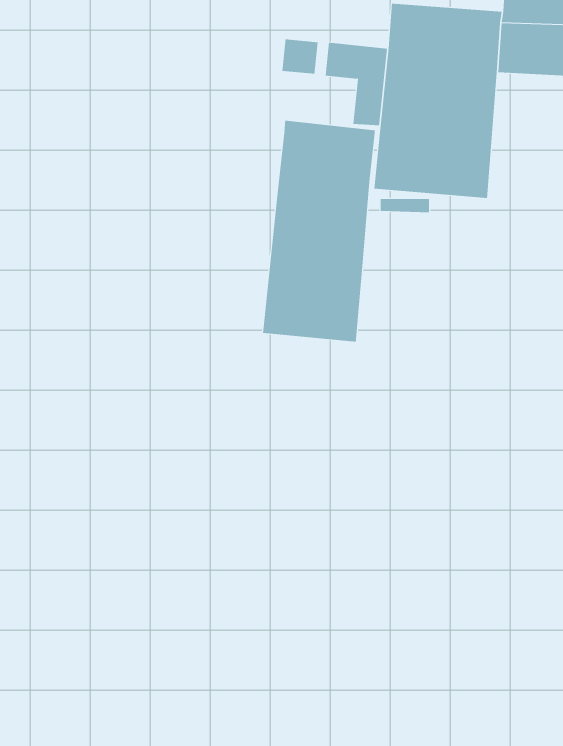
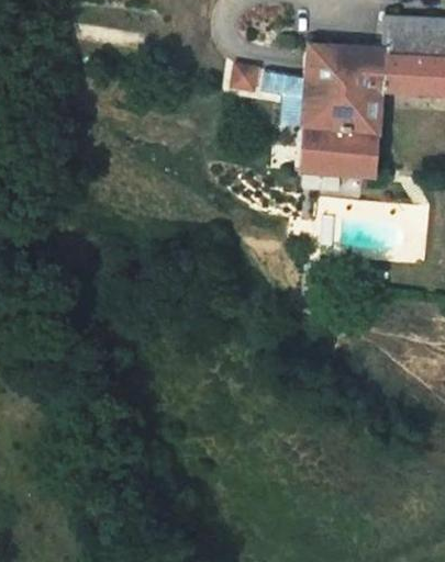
building: [262,120,376,342] -> none

